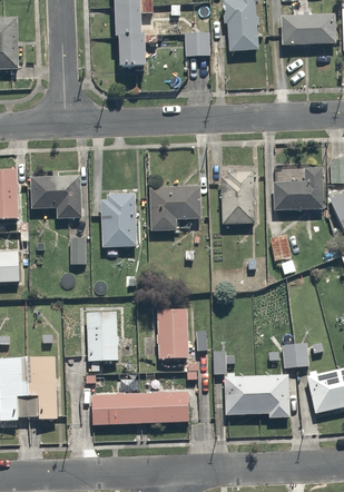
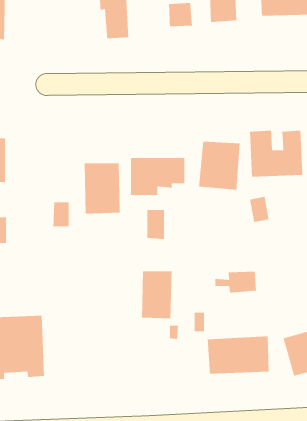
building: [31,178,80,218] -> none
building: none -> [146,209,165,240]
building: [87,317,117,363] -> none
building: [268,343,312,366] -> [215,271,257,293]
building: [90,393,187,425] -> none

